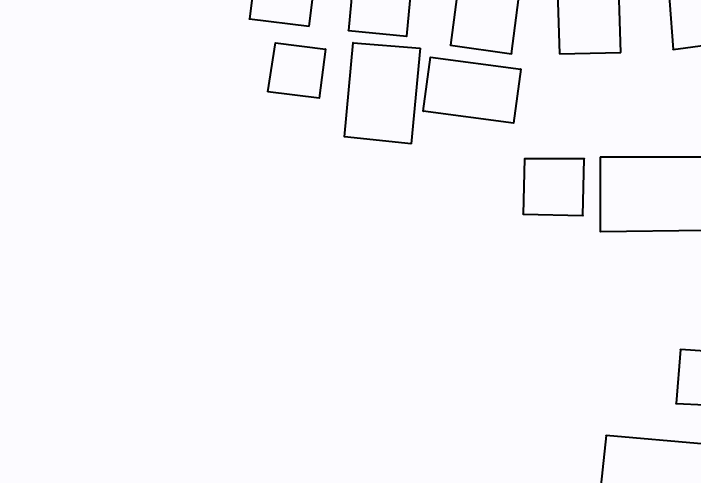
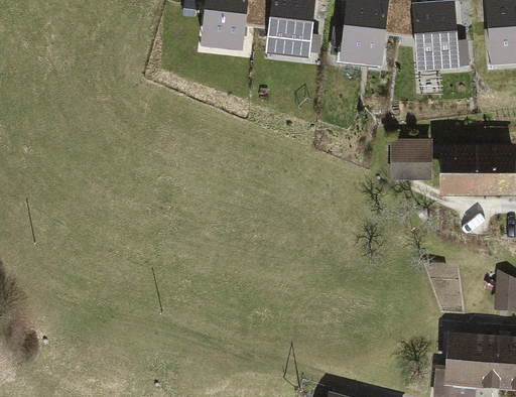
building: [344,43,420,144] -> none
building: [268,43,325,98] -> none
building: [423,57,521,123] -> none

